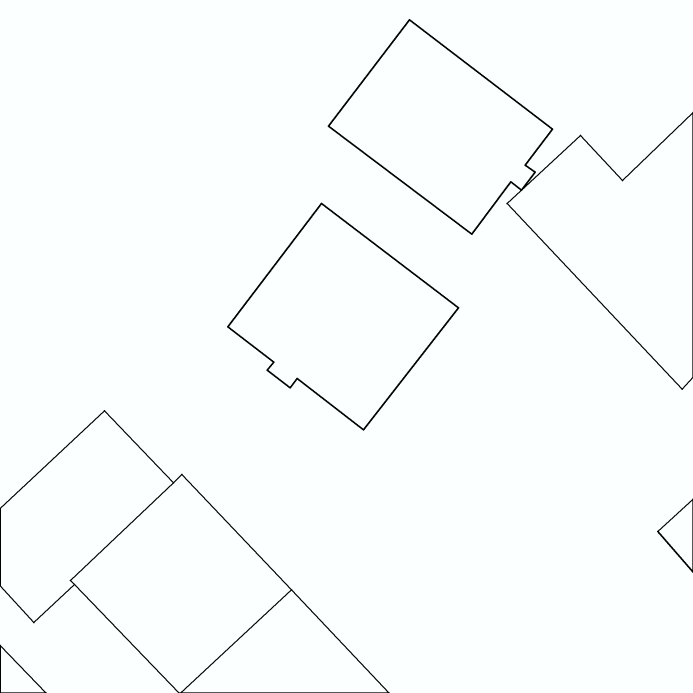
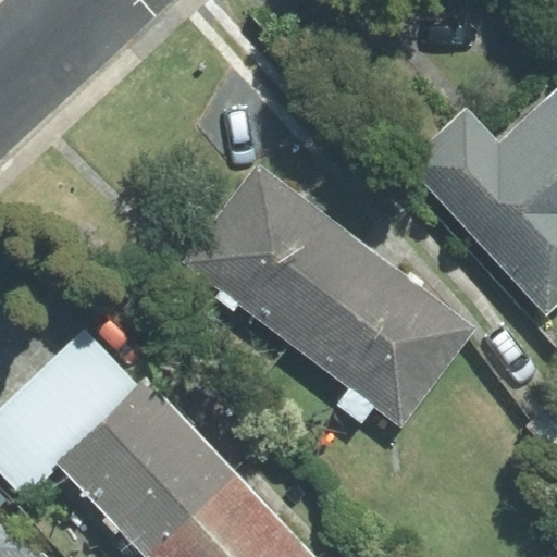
building: [328,20,552,234] -> none
building: none -> [292,247,475,425]

